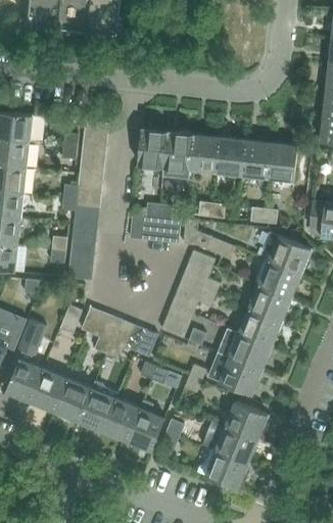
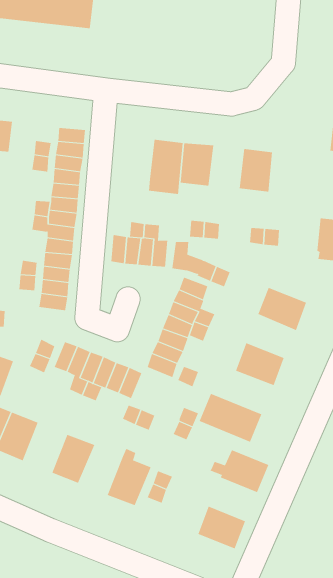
building: [137,129,168,167] -> none
building: [216,137,245,175] -> none
building: [268,143,297,181] -> none
building: [261,232,311,274] -> none
building: [247,284,291,322] -> none
building: [217,328,272,371] -> none
building: [54,378,92,422] -> none
building: [102,397,140,441] -> none
building: [215,426,257,464] -> none

